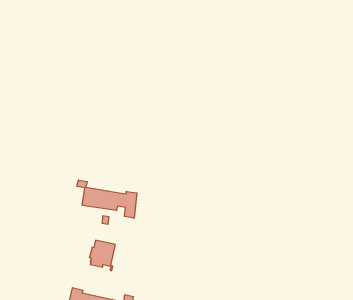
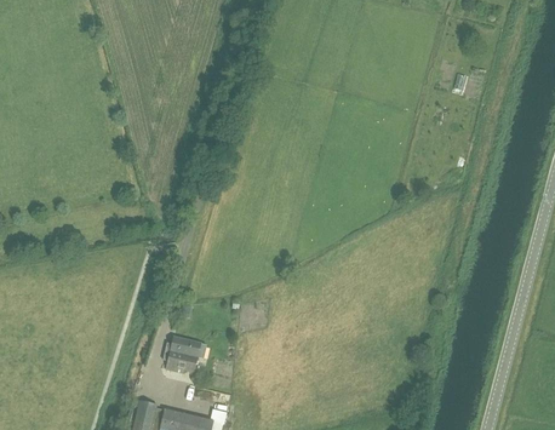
building: [77,180,137,218] -> none

